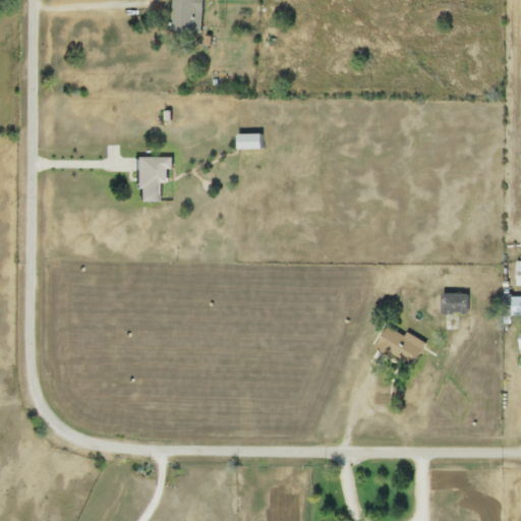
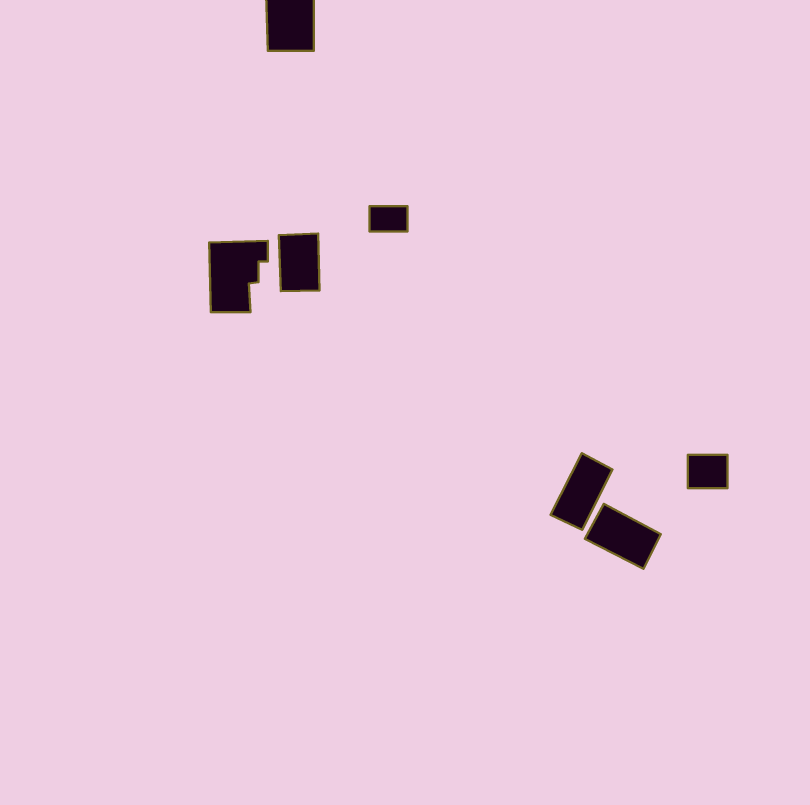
building: none -> [279,234,320,291]
building: none -> [550,453,612,530]

